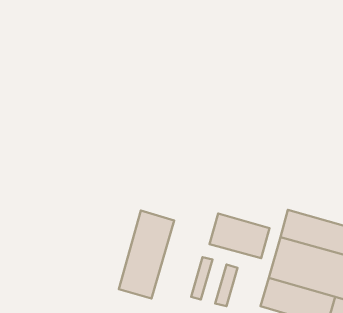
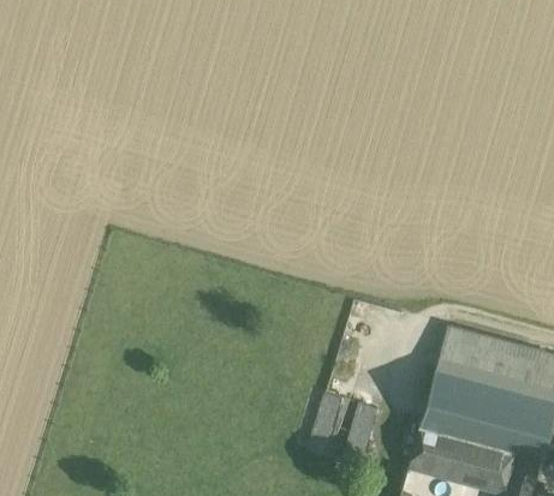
building: [119,211,174,298] -> none
building: [209,213,270,258] -> none

